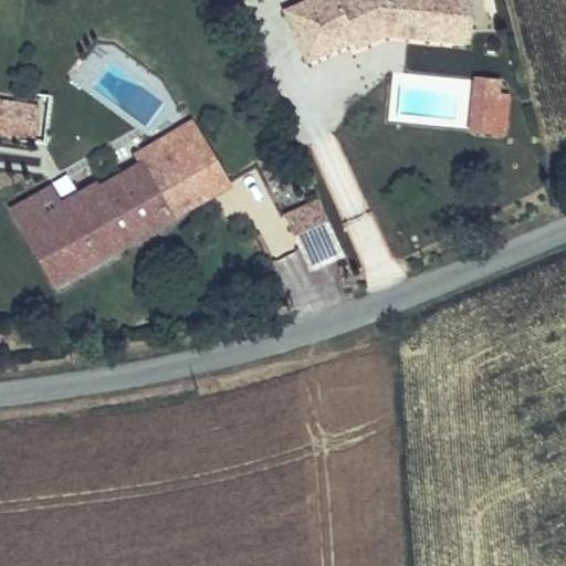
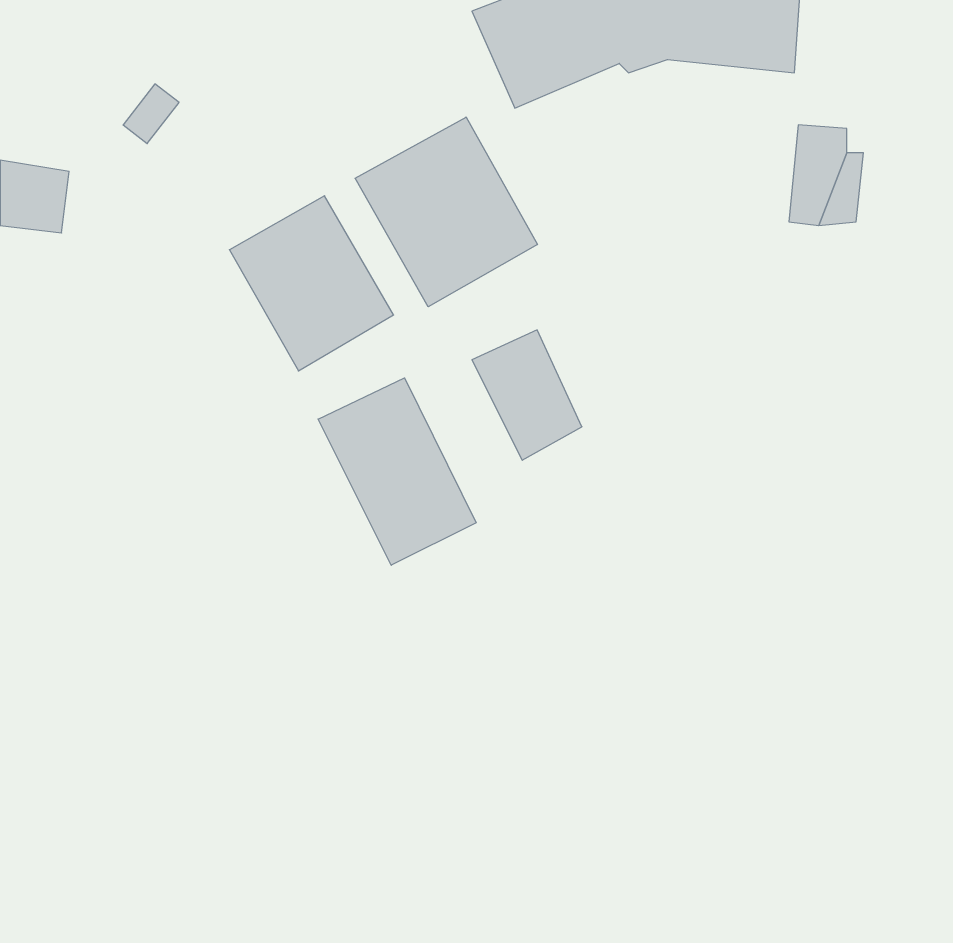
building: none -> [355,117,537,307]
building: [8,148,177,292] -> none
building: none -> [318,378,476,565]

